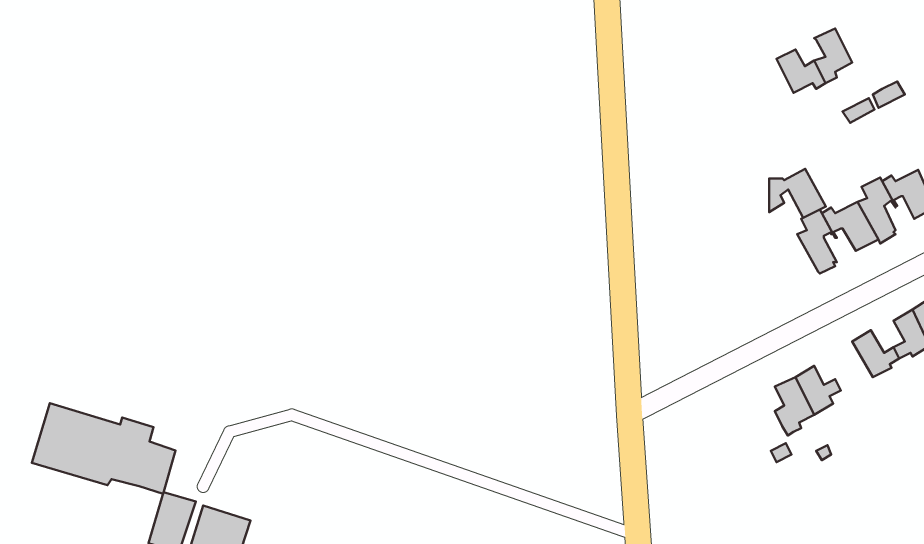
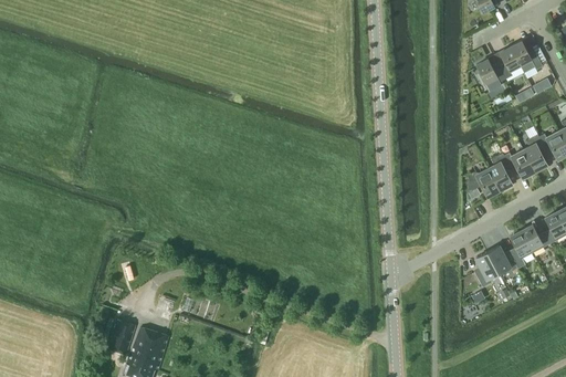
building: none -> [512,40,544,72]
building: [769,169,826,218] -> [469,167,502,196]
building: none -> [511,230,534,266]
building: [32,403,175,494] -> none

